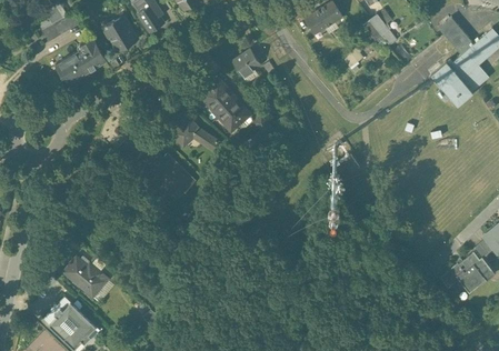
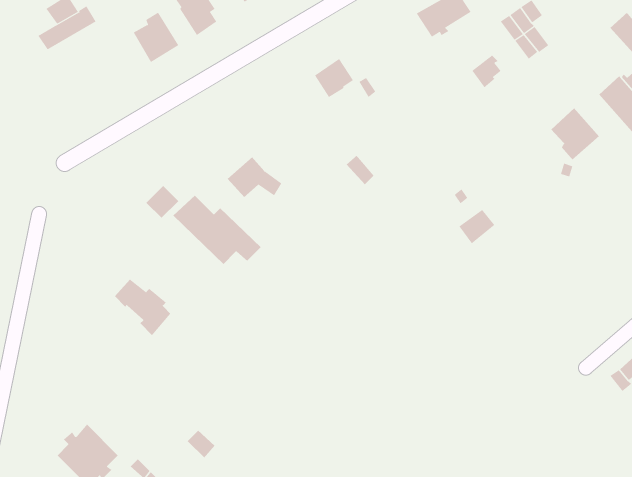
building: [56,38,107,82] -> none
building: [204,81,251,129] -> none
building: none -> [551,107,600,160]
building: [66,258,106,298] -> [114,279,171,336]

